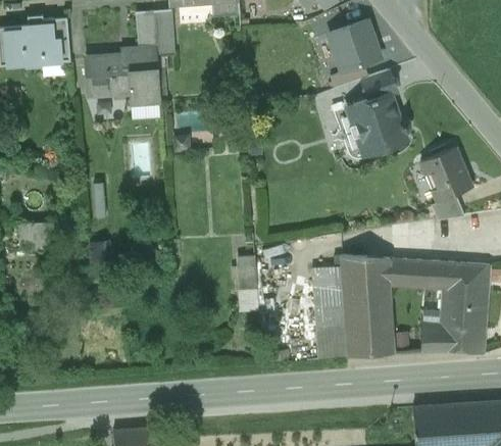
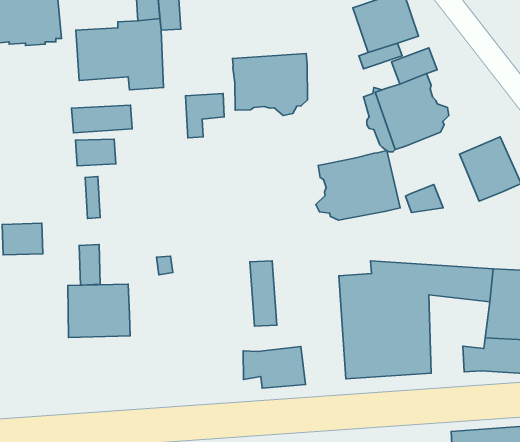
building: none -> [233,54,308,115]
building: none -> [71,105,132,133]
building: none -> [75,139,116,166]
building: none -> [316,151,400,220]
building: [432,195,464,219] -> [406,184,443,212]
building: none -> [68,284,130,338]
building: none -> [243,347,305,388]

